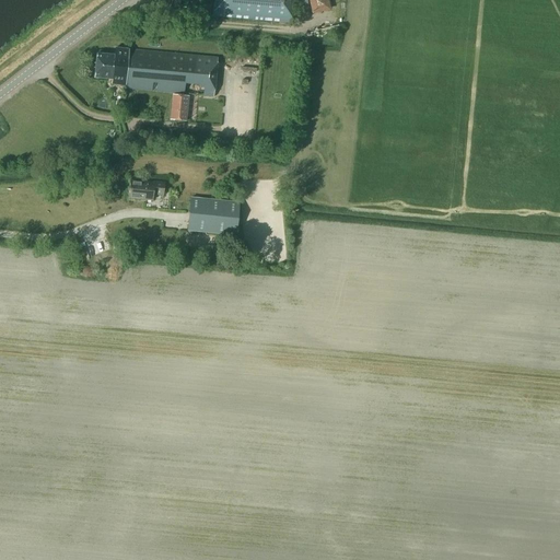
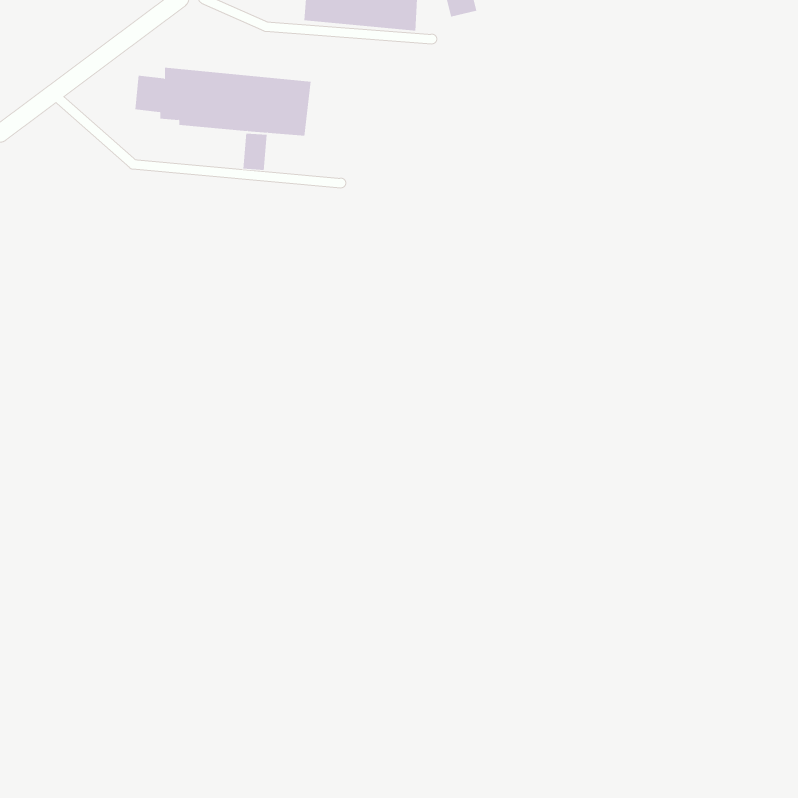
building: [130,179,165,199] -> none
building: [189,197,240,234] -> none

